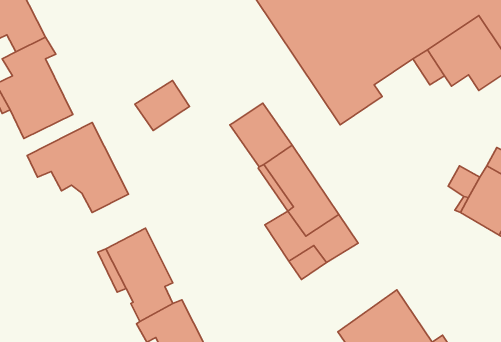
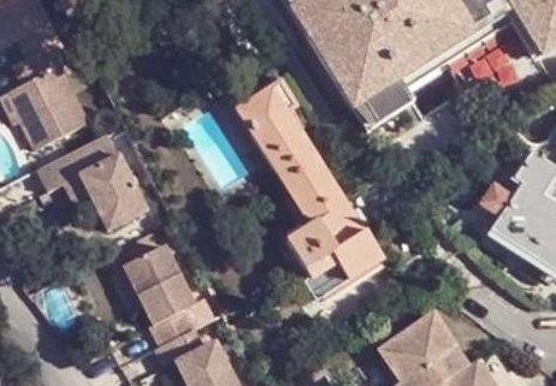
building: [135,80,190,130] -> [237,82,295,135]

